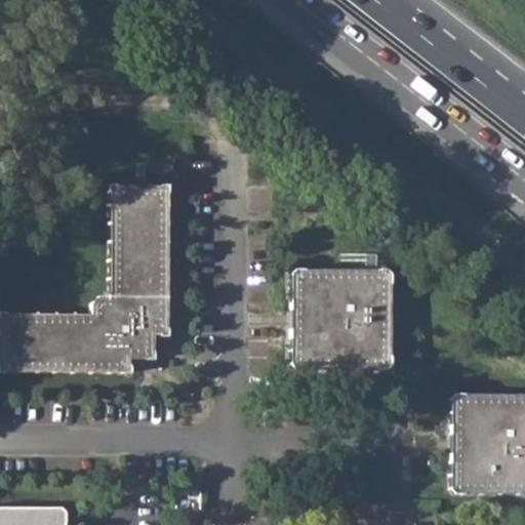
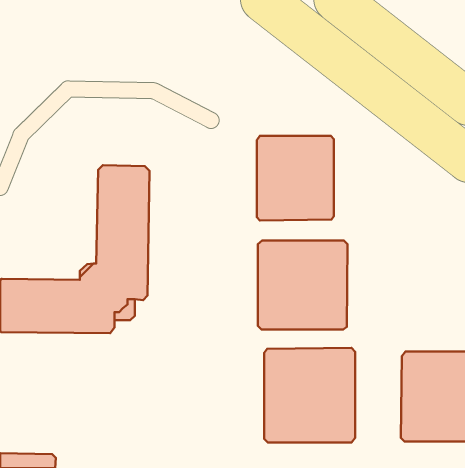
building: none -> [257,136,334,220]
building: none -> [264,348,355,443]

